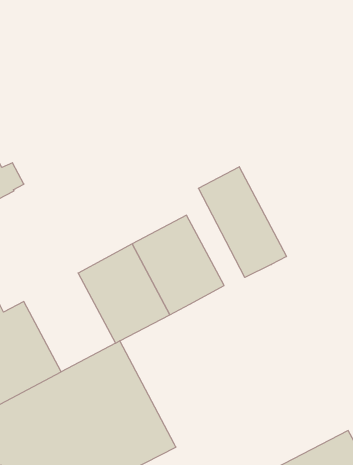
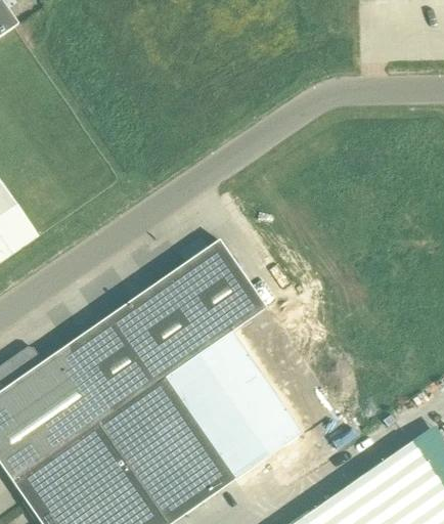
building: [198,167,286,277] -> none
building: none -> [61,314,161,418]
building: none -> [165,333,303,481]

